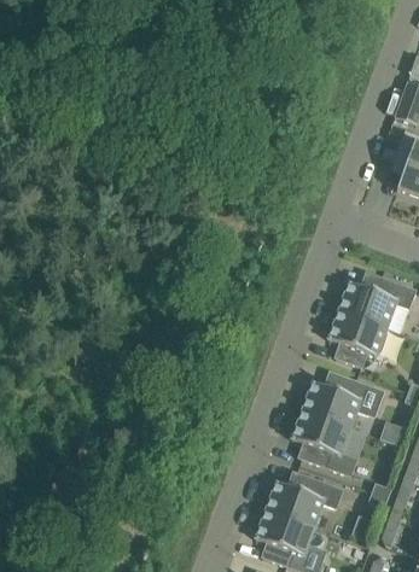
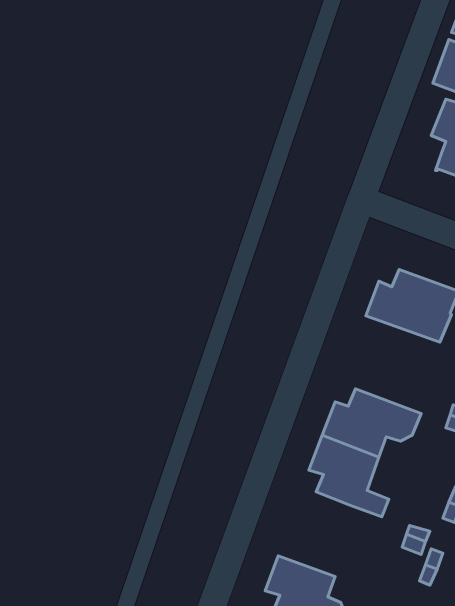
building: [328,310,386,367] -> none
building: [266,471,342,526] -> none

